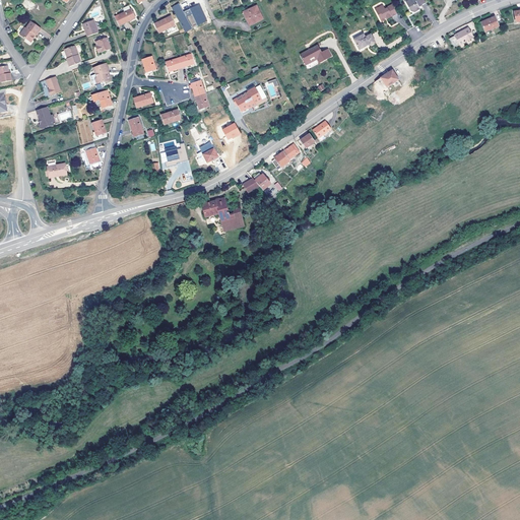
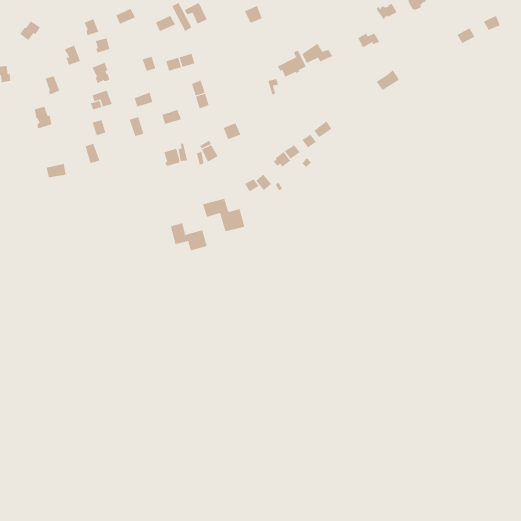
building: [232,83,261,111] -> [277,50,306,78]
building: none -> [170,223,208,251]

